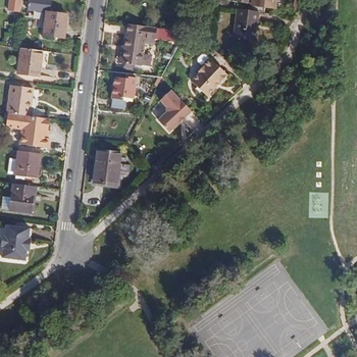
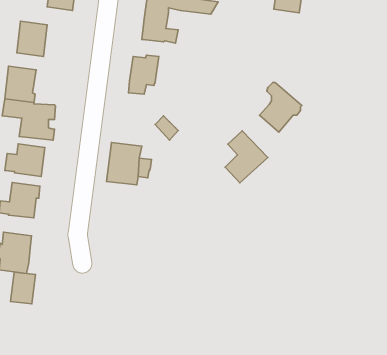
building: [190,53,225,95] -> [259,83,302,132]
building: [157,88,193,132] -> [225,131,268,183]
building: none -> [10,272,36,304]

